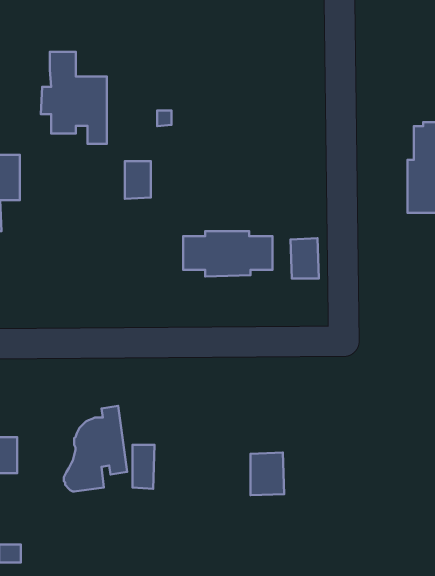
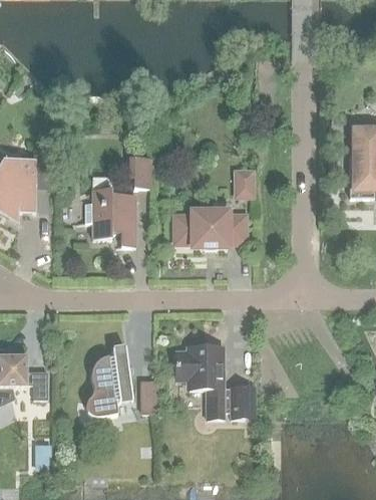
building: [41,52,107,144] -> [85,176,136,247]
building: [290,238,319,278] -> [230,167,252,198]
building: none -> [174,347,222,418]

